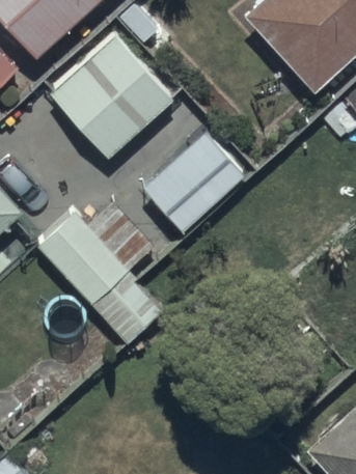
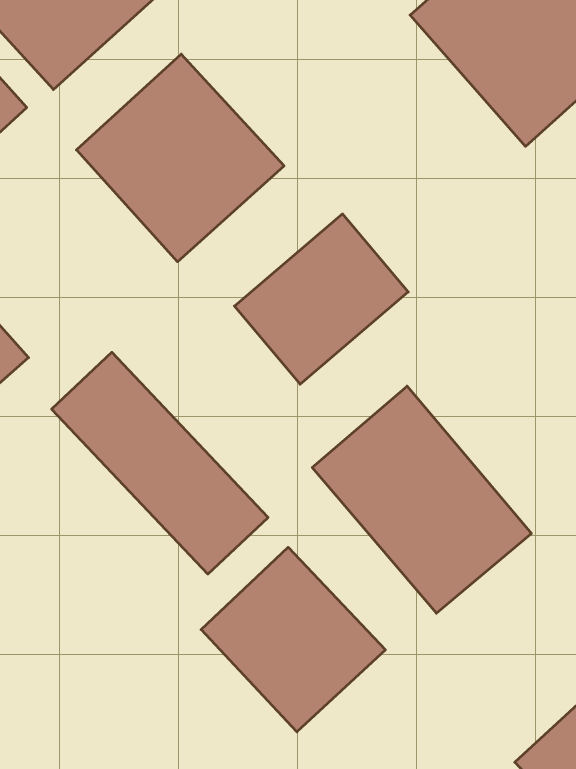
building: none -> [312,386,531,613]
building: none -> [201,547,385,732]

